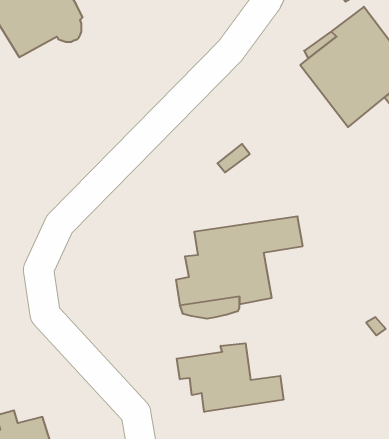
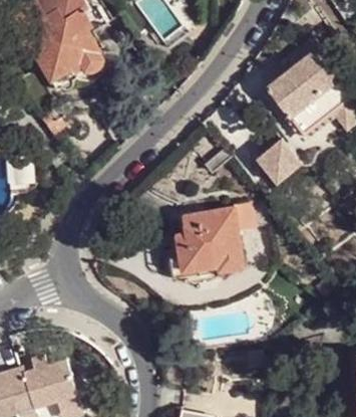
building: none -> [259,142,300,183]
building: [177,343,283,412] -> none

